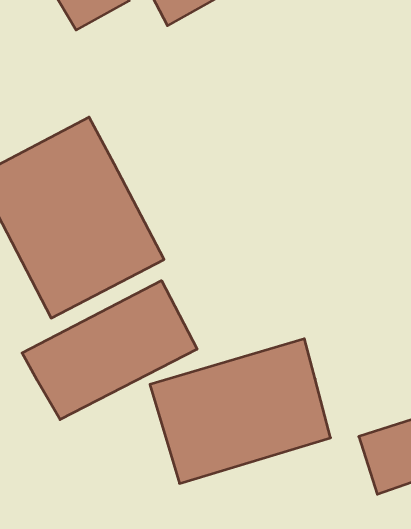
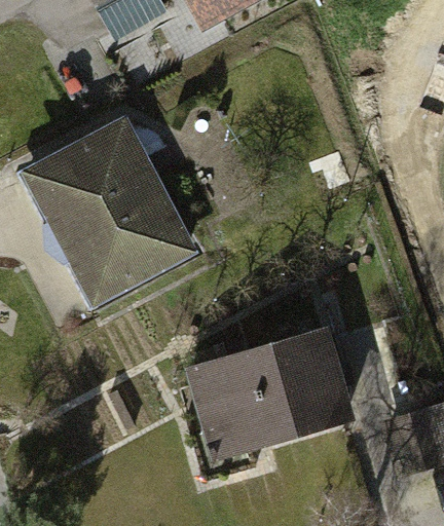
building: [22,281,197,420] -> none

